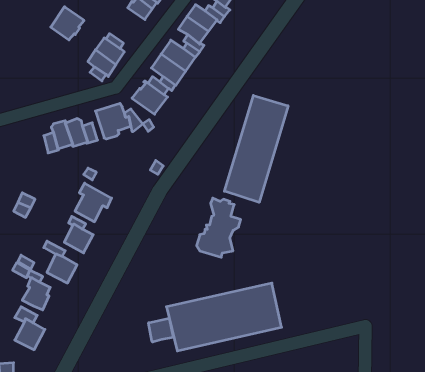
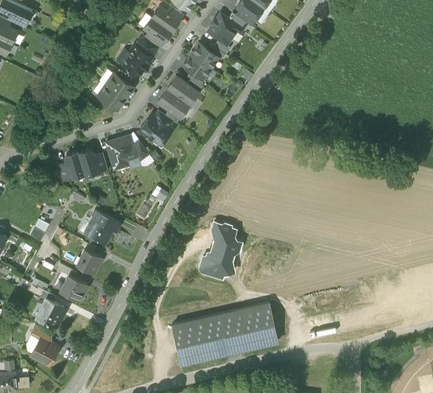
building: [51,7,84,40] -> [121,46,152,77]
building: [224,95,288,202] -> none
building: [149,318,173,342] -> none

